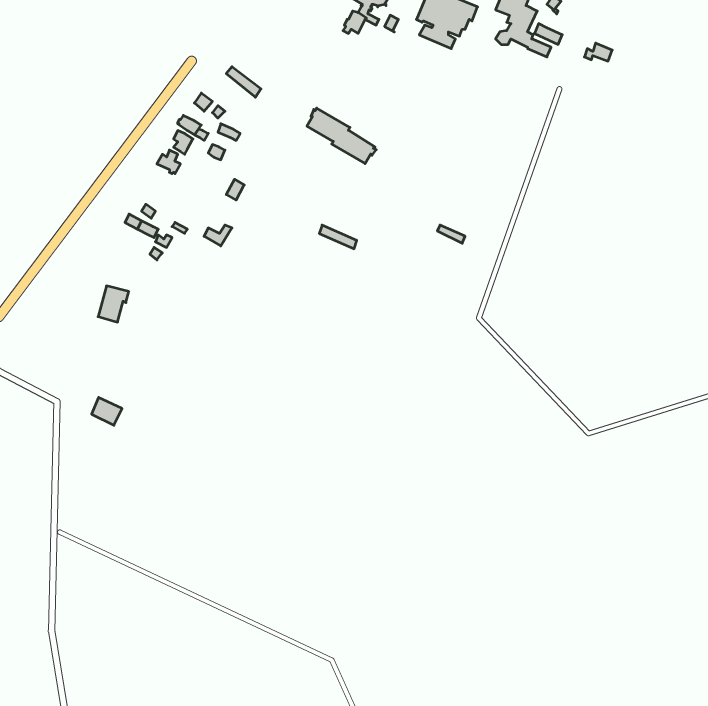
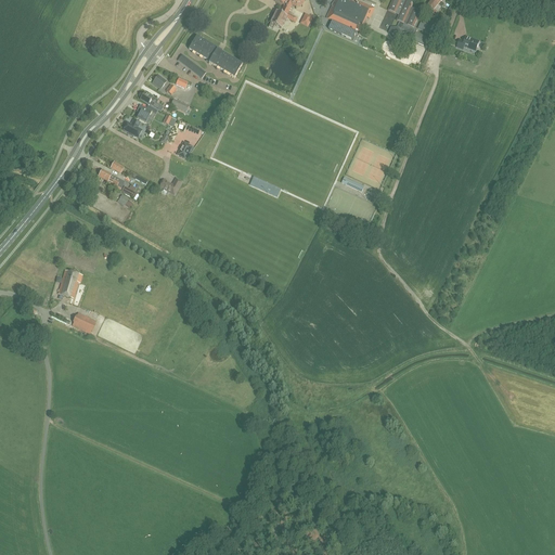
building: [307,108,376,164] -> [188,33,242,76]
building: [98,286,129,322] -> [57,268,81,296]

